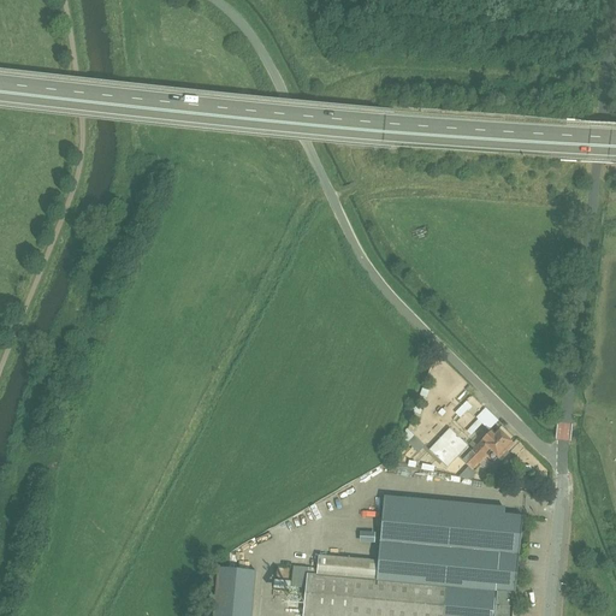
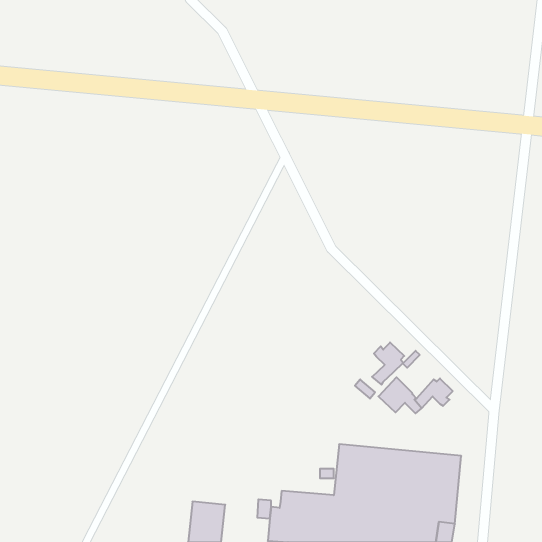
building: none -> [372,342,404,385]

